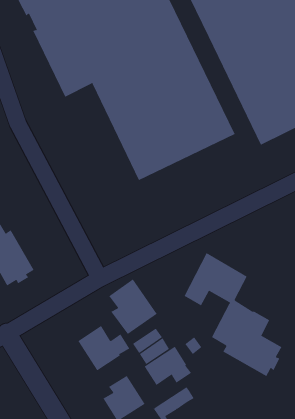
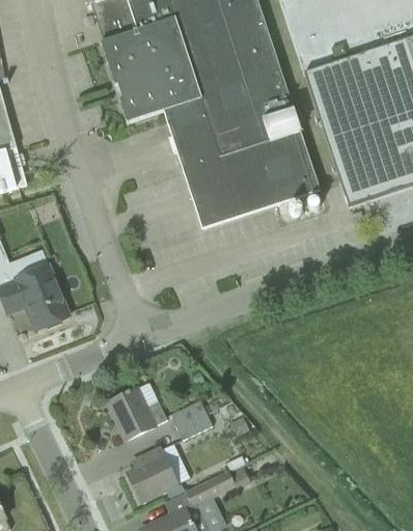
building: [184,252,282,377] -> none
building: [108,279,158,335] -> none
building: [144,346,192,386] -> none

